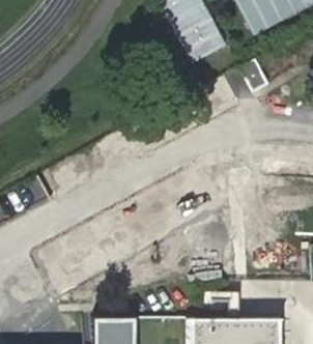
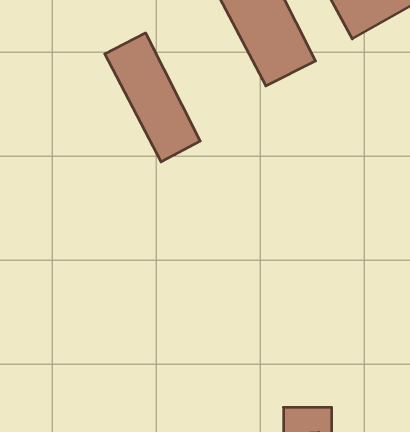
building: none -> [105,33,200,162]

